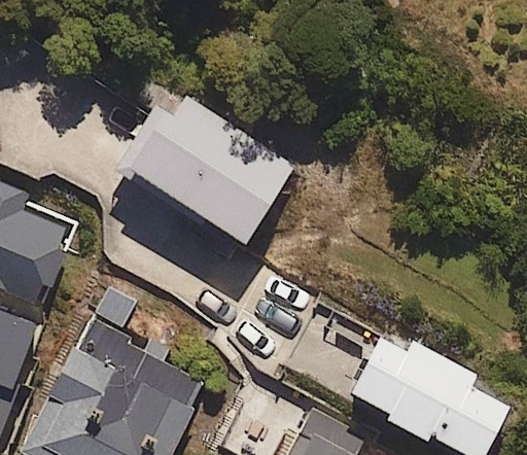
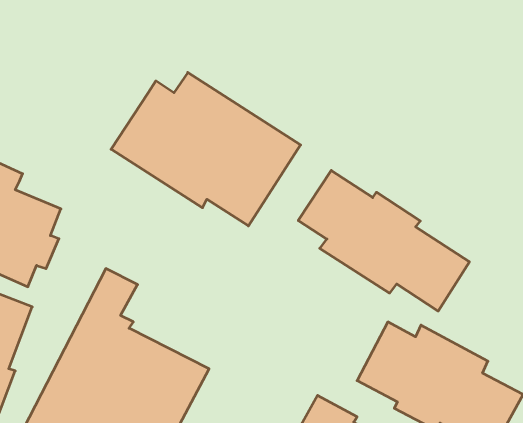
building: none -> [298,170,469,311]

